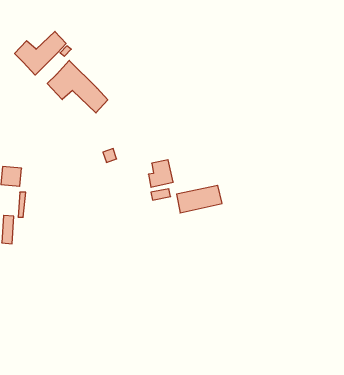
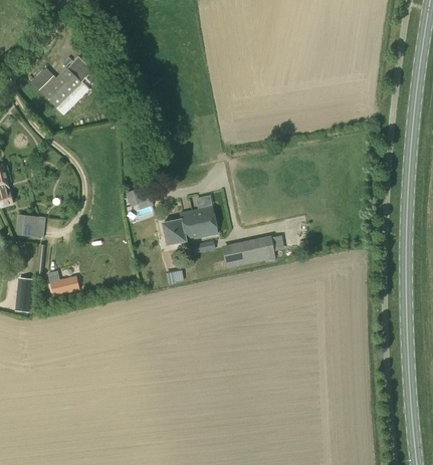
building: [47,60,108,113] -> none
building: none -> [162,210,195,244]
building: none -> [48,274,76,297]

